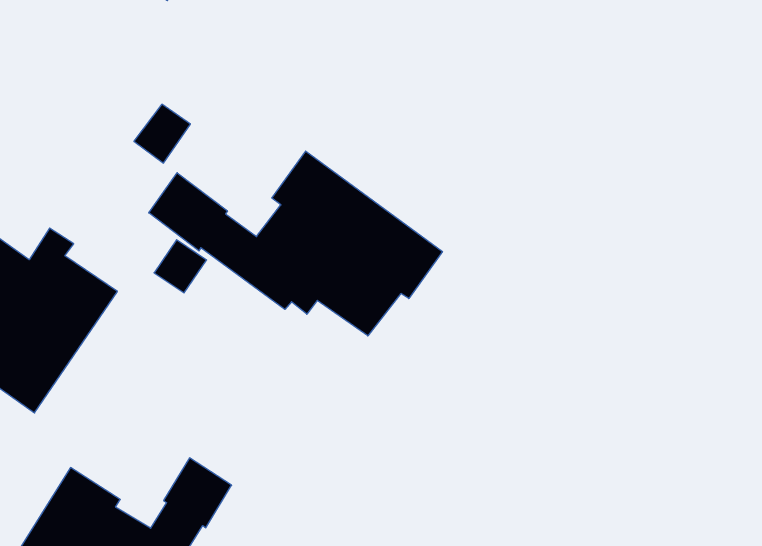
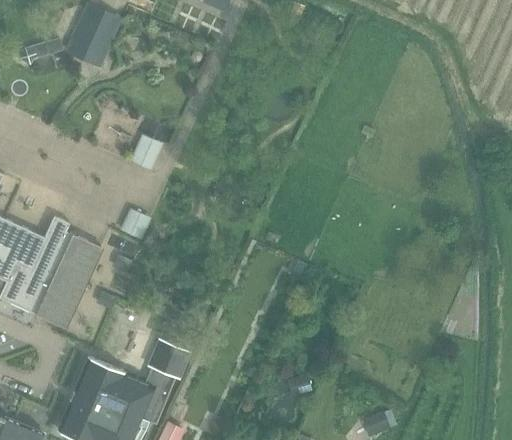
building: [134,104,190,163] -> [130,136,162,171]
building: [149,151,442,336] -> none

